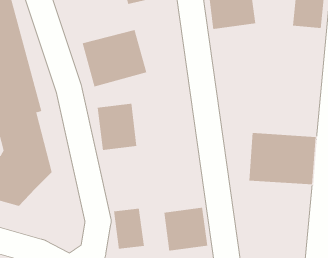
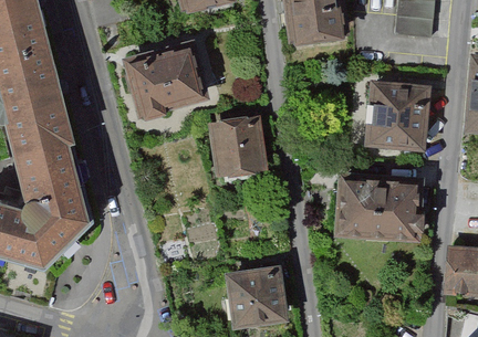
building: none -> [372,83,434,149]
building: [97,103,137,150] -> [215,118,267,179]
building: [113,208,144,250] -> none

